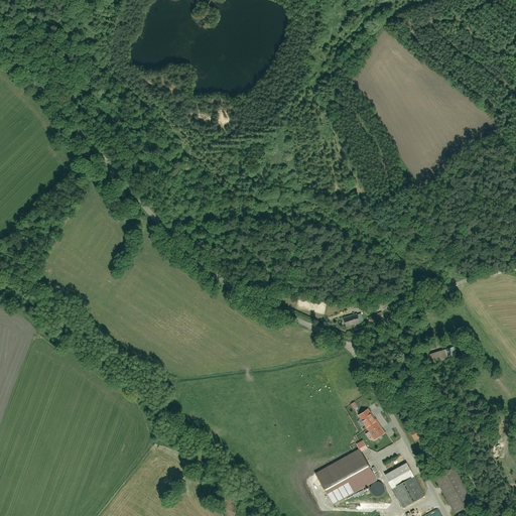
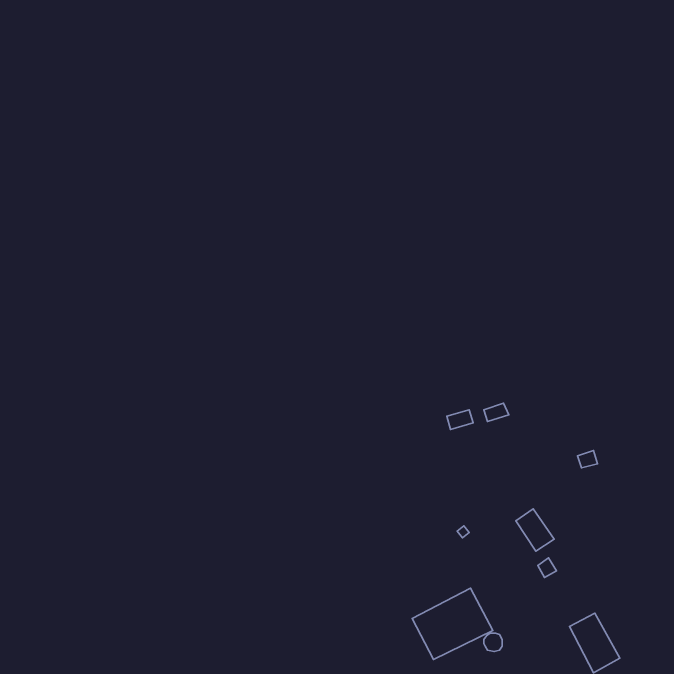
building: [356,405,385,437] -> [516,509,554,551]
building: [383,463,424,508] -> none

